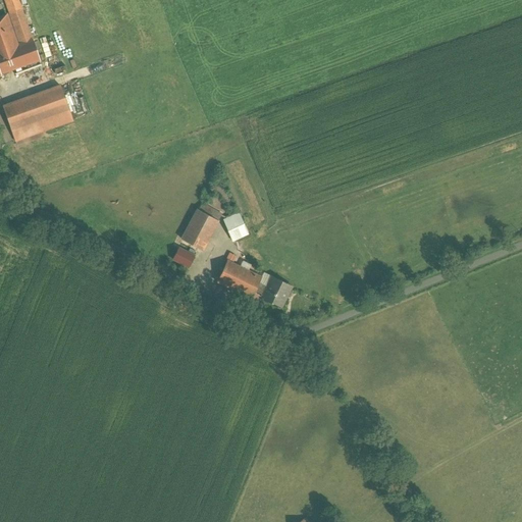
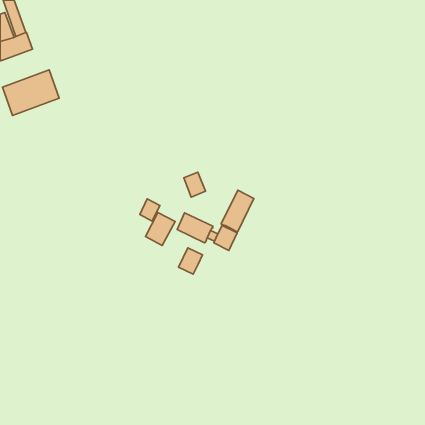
building: [181,210,218,251] -> [145,212,175,246]
building: none -> [221,190,254,232]
building: none -> [178,248,203,274]

